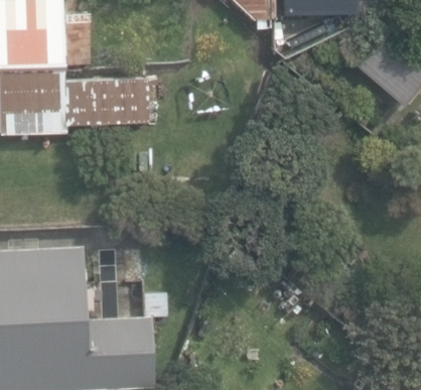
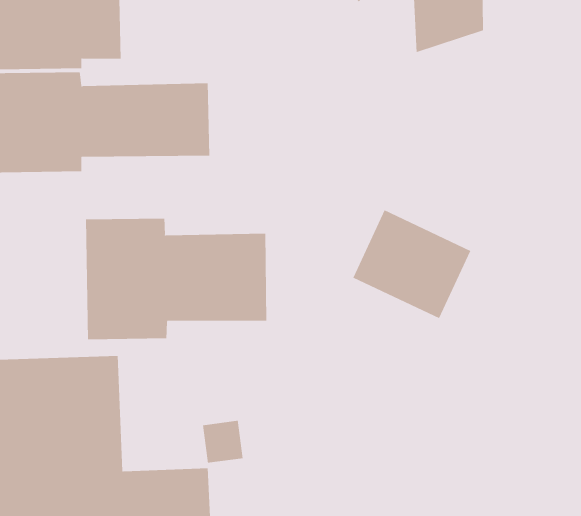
building: none -> [85,218,267,340]

